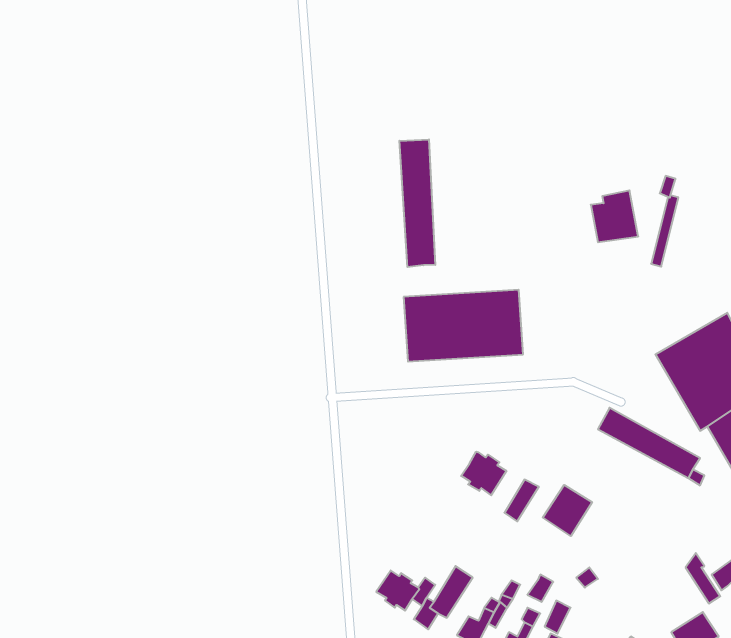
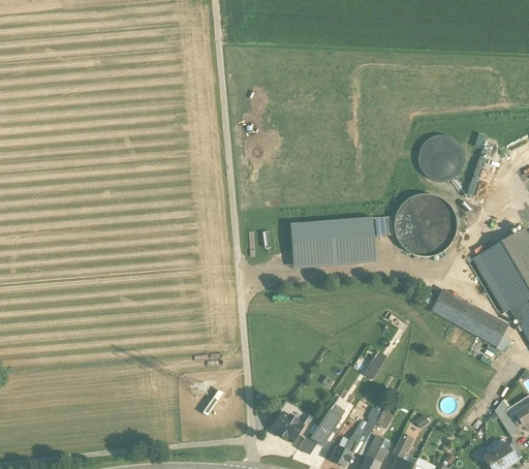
building: [399,139,435,267] -> none
building: none -> [394,194,456,256]
building: [461,452,506,495] -> none
building: [543,485,592,536] -> none

